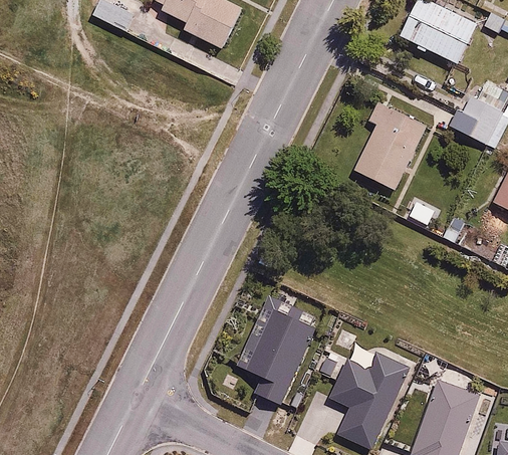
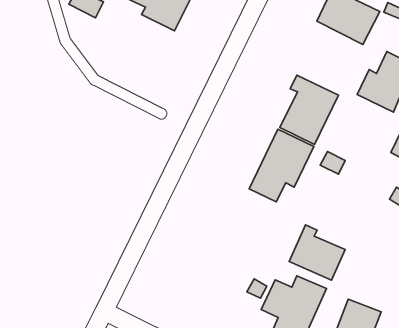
building: none -> [249,129,314,202]
building: none -> [289,225,345,280]
building: [241,307,312,403] -> none

